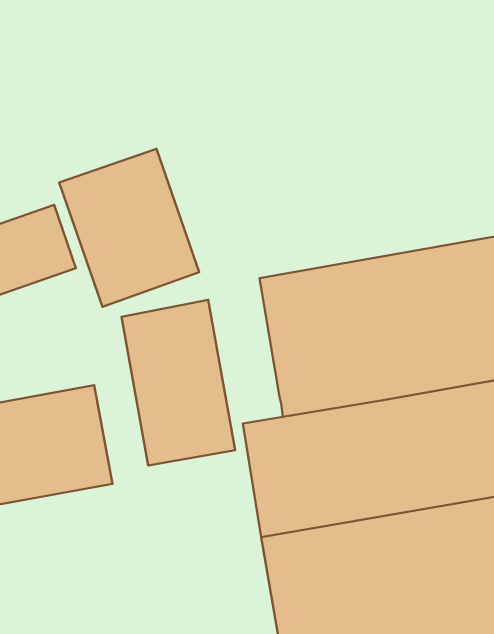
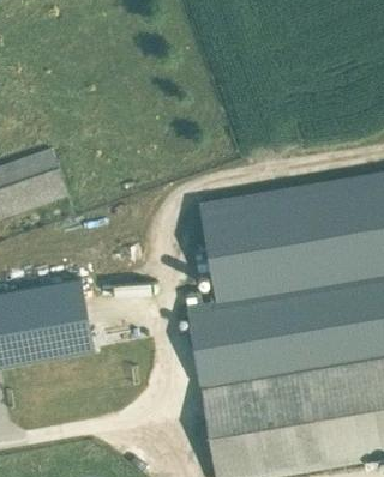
building: [59,149,199,307] -> none
building: [121,300,235,466] -> none

